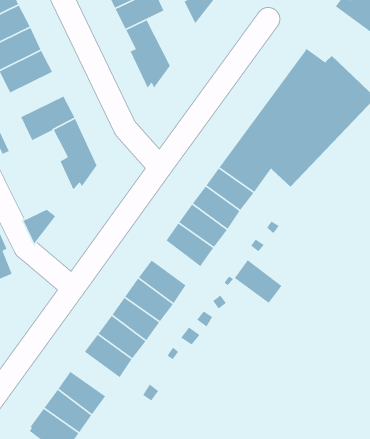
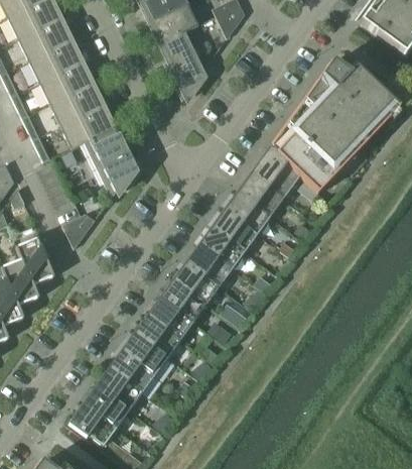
building: none -> [50,83,102,125]
building: [234,259,282,304] -> [185,243,232,285]
building: none -> [108,349,155,391]

